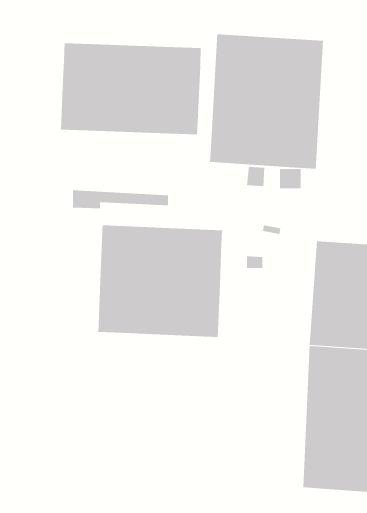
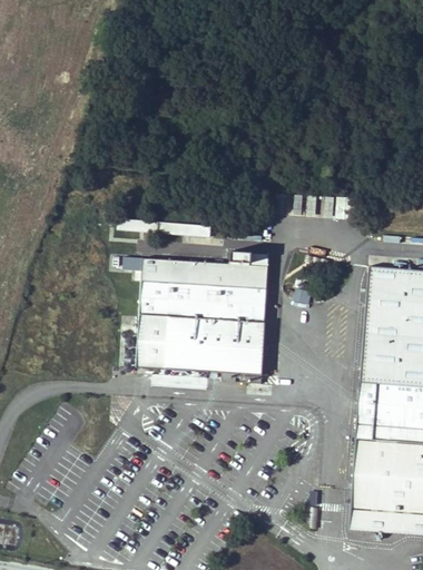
building: [209,33,324,169] -> none
building: [60,43,201,135] -> none

